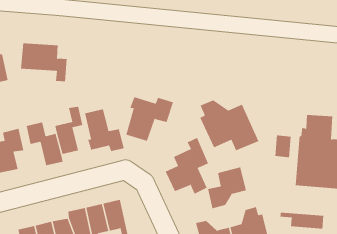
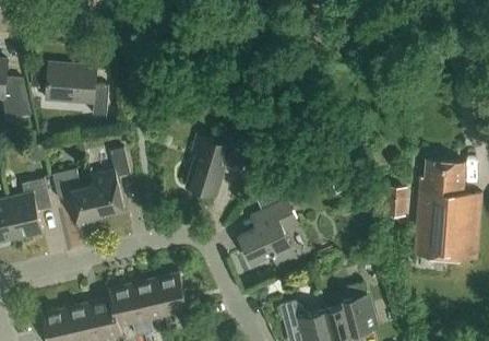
building: [199,100,259,151] -> none
building: [85,109,124,152] -> none
building: [207,167,247,209] -> none
building: [280,212,324,229] -> none

